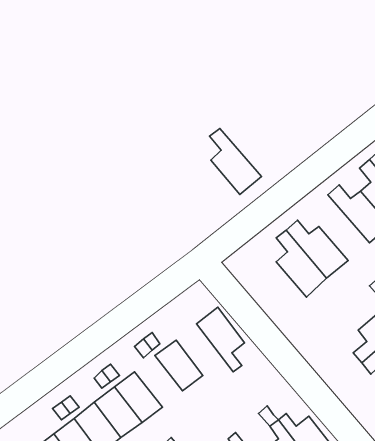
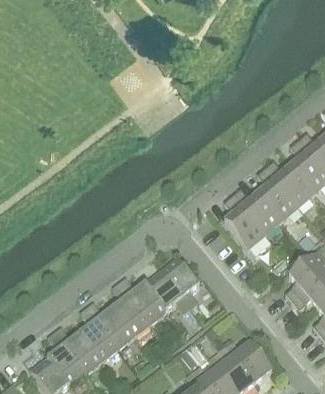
building: [210,129,261,194] -> [256,169,297,221]
building: none -> [144,271,189,314]
building: none -> [111,296,149,337]

